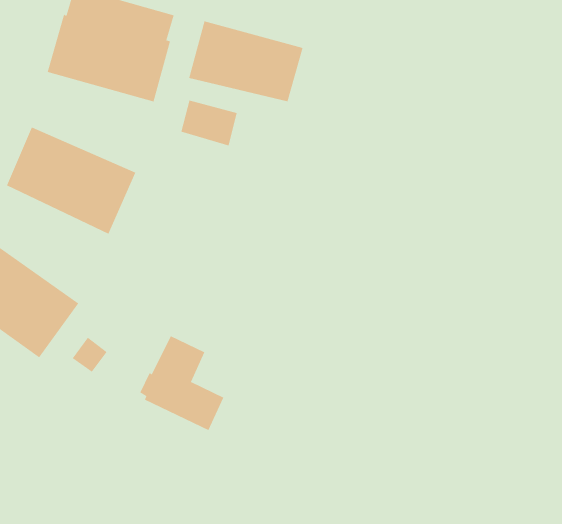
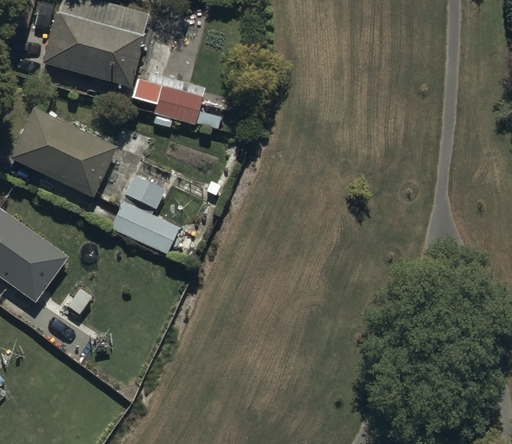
building: [188,20,303,102] -> none
building: [140,335,224,431] -> [108,175,179,255]

